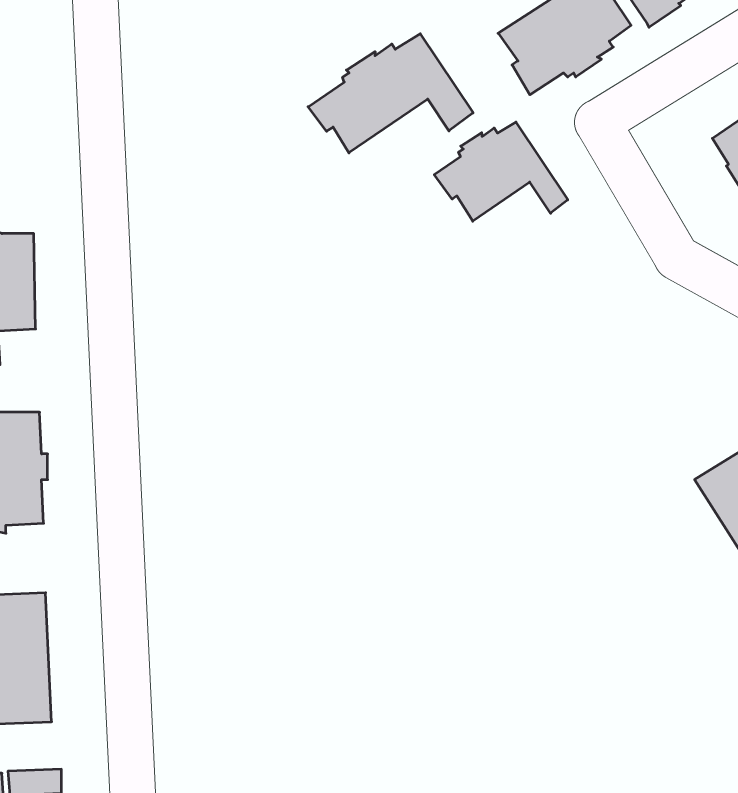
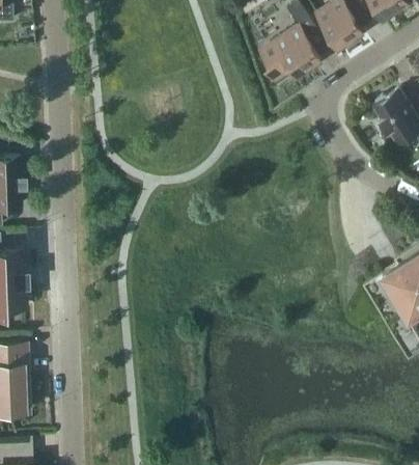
building: [308,34,473,153] -> none
building: [434,122,568,221] -> none

